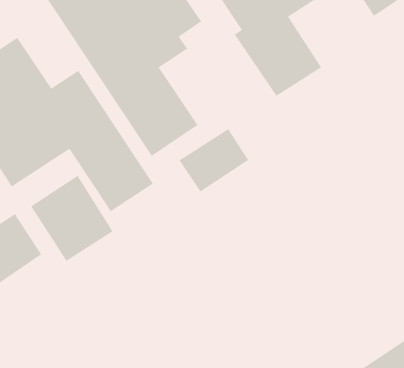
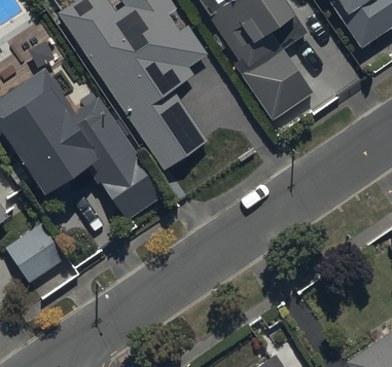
building: [178,128,249,192] -> none
building: [30,175,113,262] -> none

